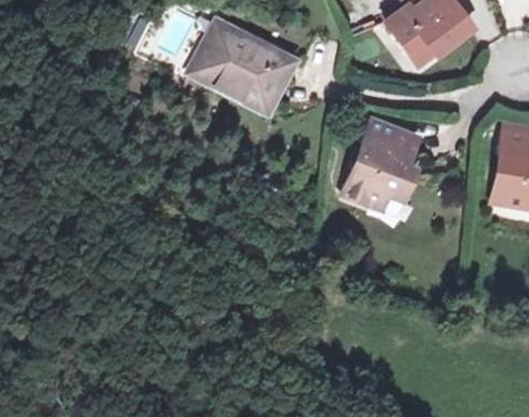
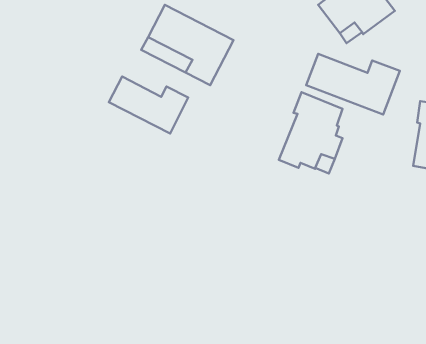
building: none -> [306,54,400,114]
building: none -> [109,76,188,134]

